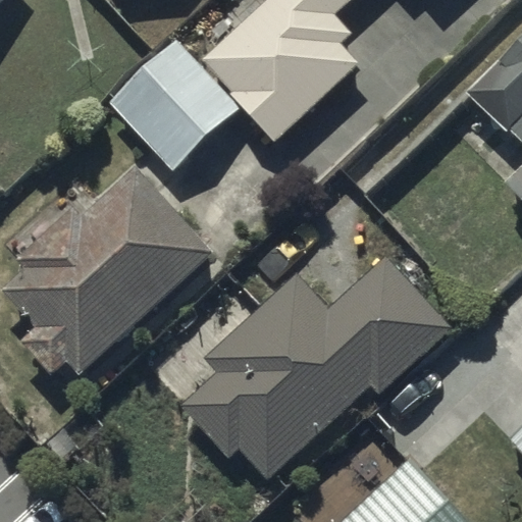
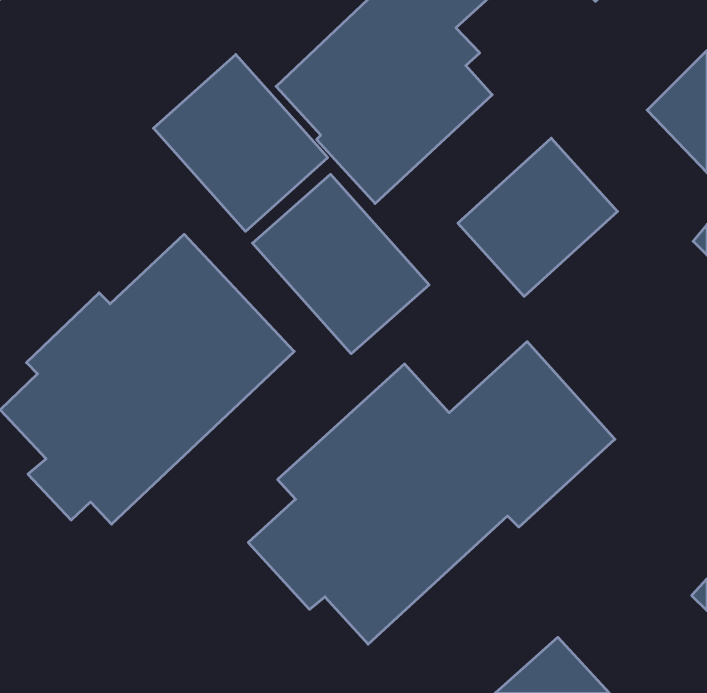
building: none -> [458,138,618,296]
building: none -> [252,174,429,354]

